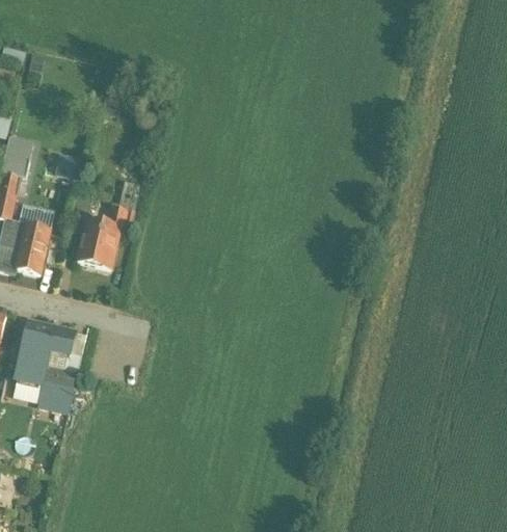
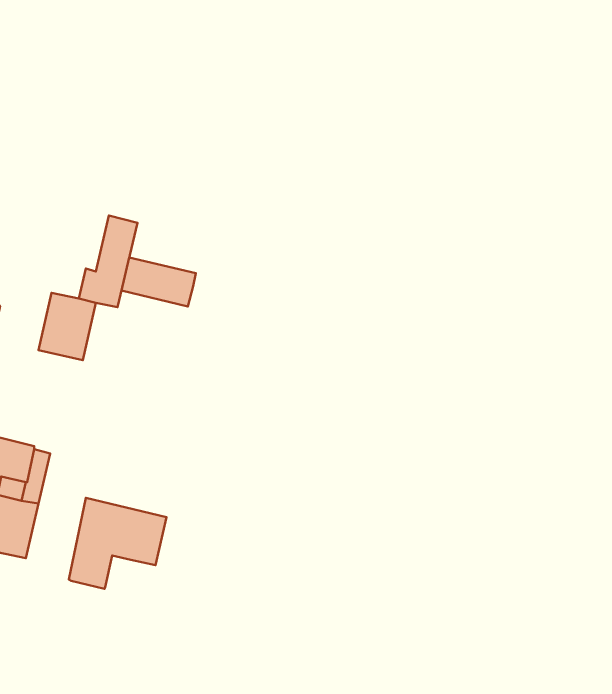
building: none -> [121,257,196,307]
building: none -> [69,498,167,589]

